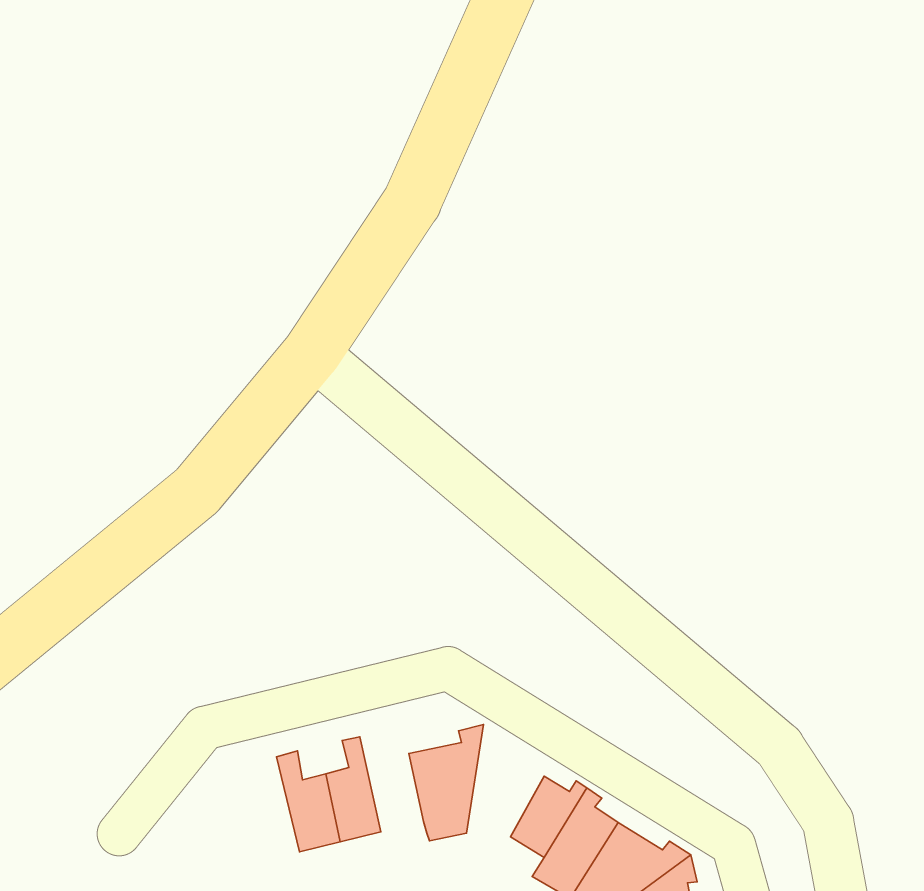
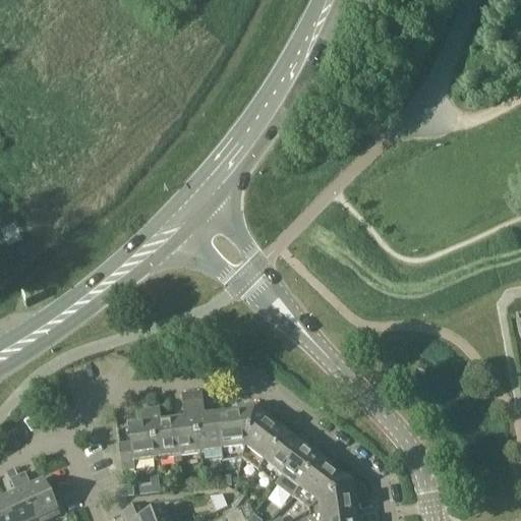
building: none -> [242,401,285,468]
building: none -> [192,400,222,456]
building: none -> [119,407,156,467]

